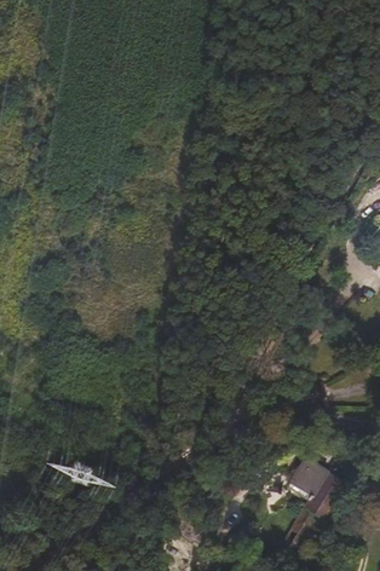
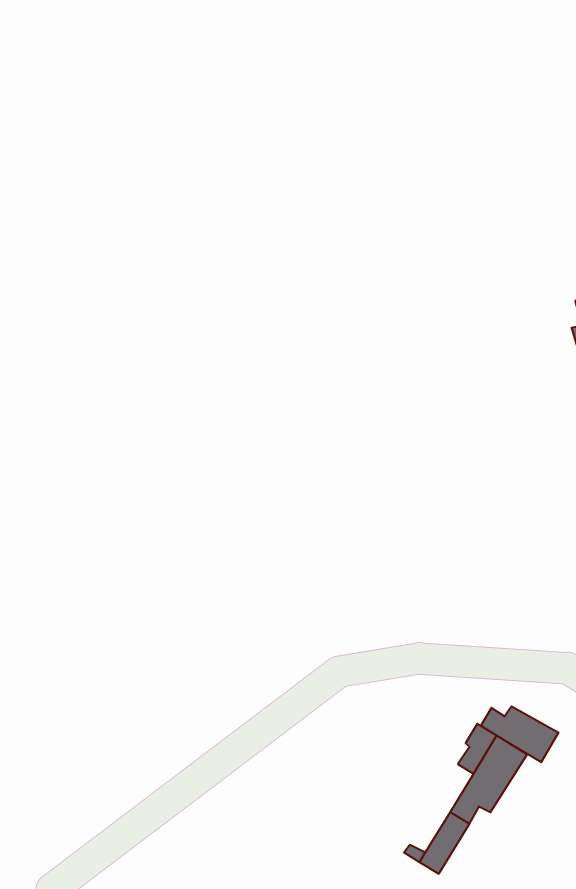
building: none -> [481,706,558,762]

